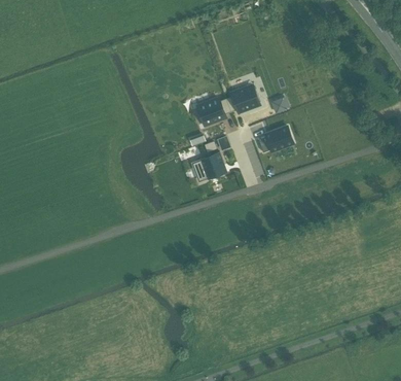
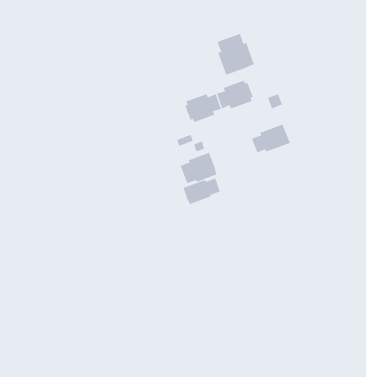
building: none -> [217,33,255,75]
building: none -> [183,178,220,205]

